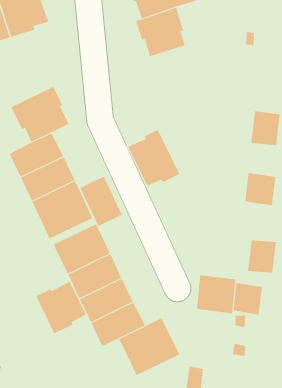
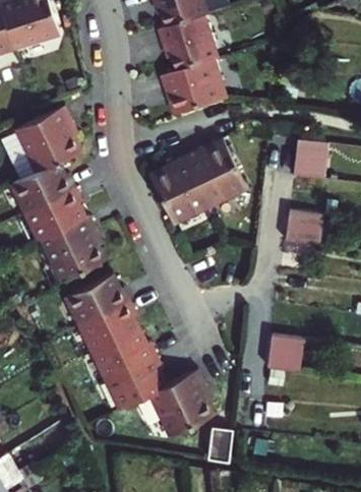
building: none -> [161,63,219,117]
building: none -> [184,142,245,209]
building: [79,176,123,227] -> none
building: [247,240,277,274] -> none
building: [197,274,236,314] -> none
building: [35,281,87,334] -> none

